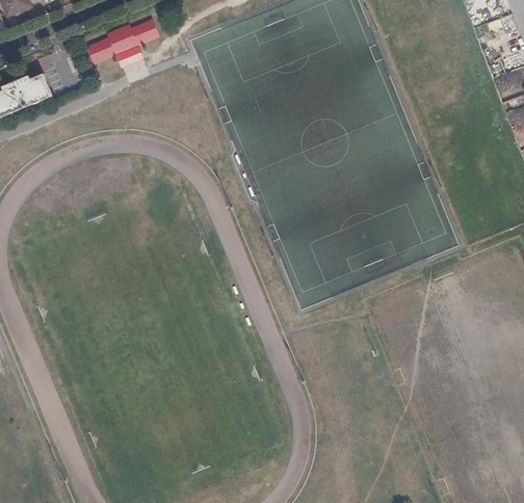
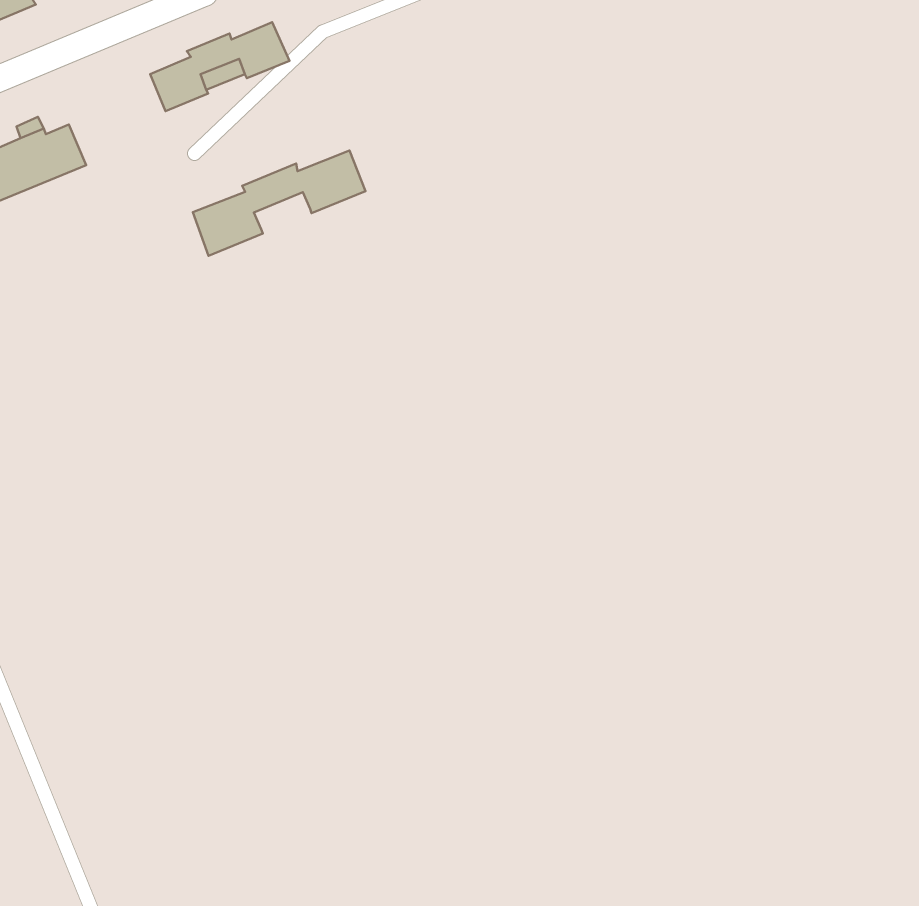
building: none -> [193,151,366,256]

